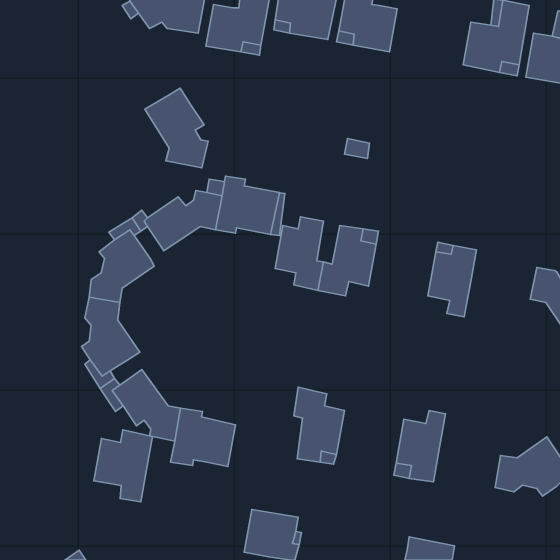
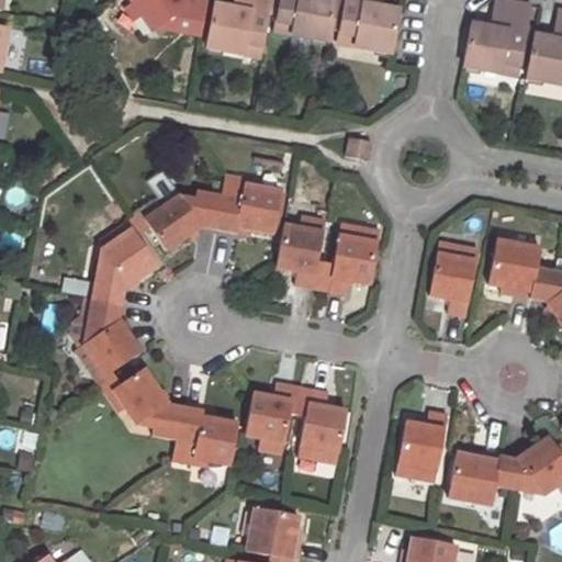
building: [145,88,208,168] -> none
building: none -> [490,240,540,299]
building: none -> [246,382,300,453]
building: [94,430,153,502] -> none
building: none -> [448,452,502,505]

